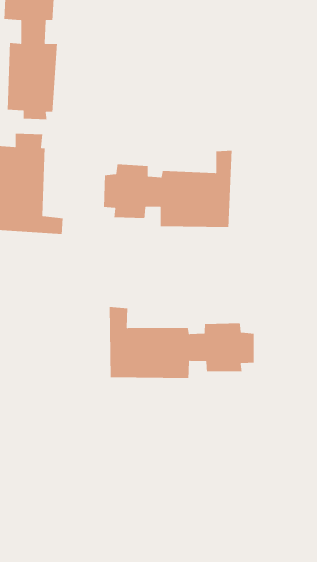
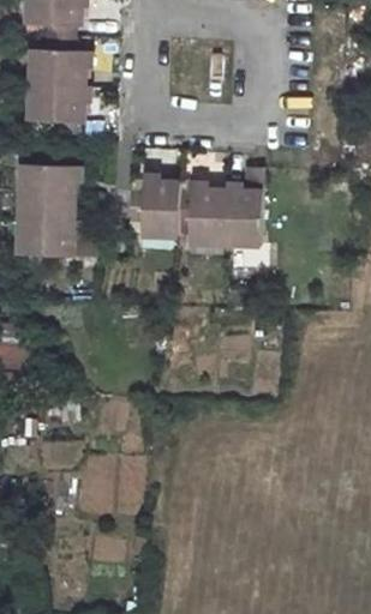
building: [109,306,255,379] -> none

